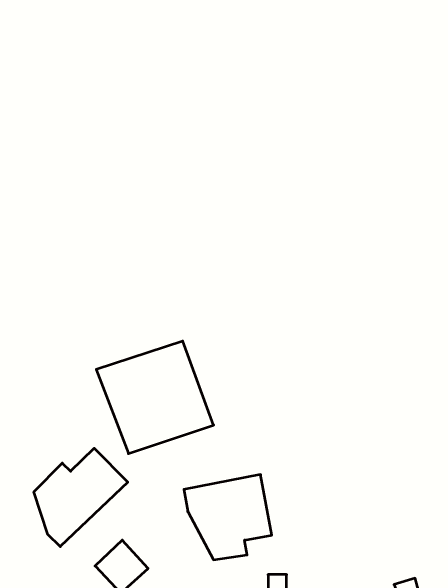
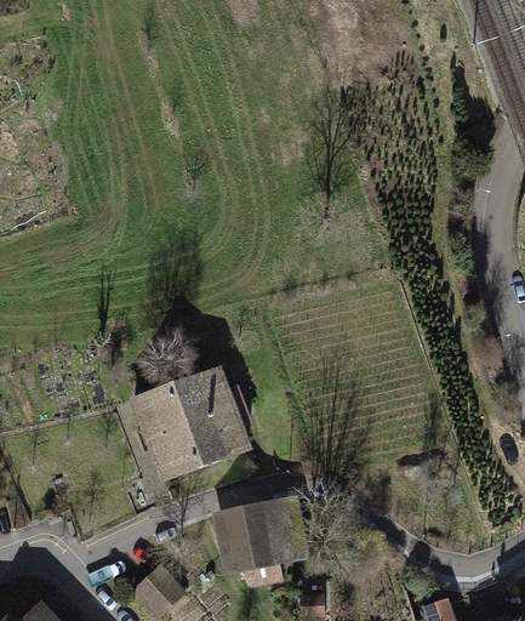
building: [34,448,128,547] -> none

